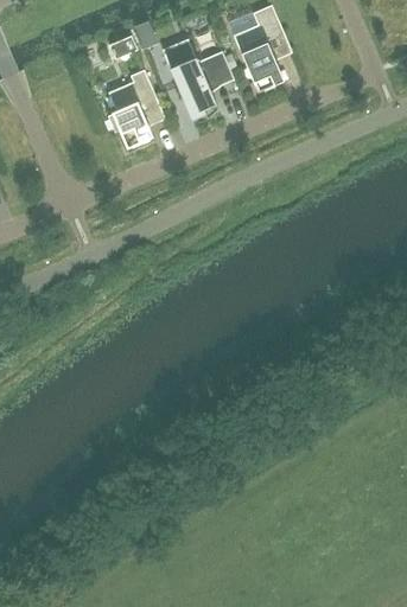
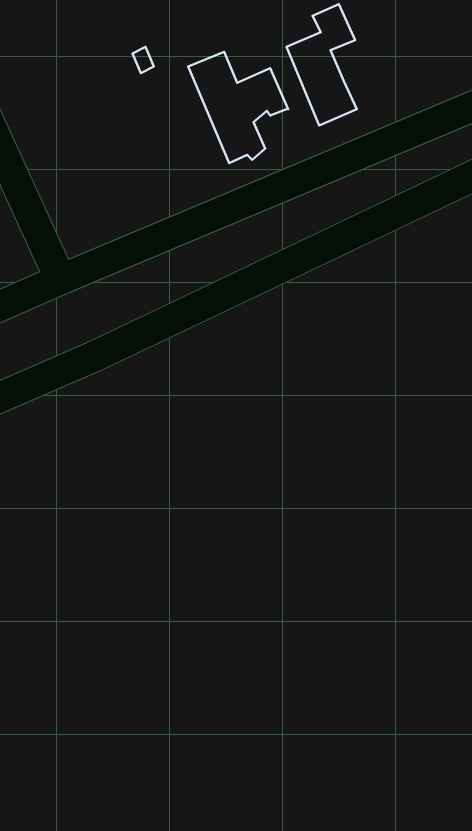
building: [107,69,154,147] -> none

